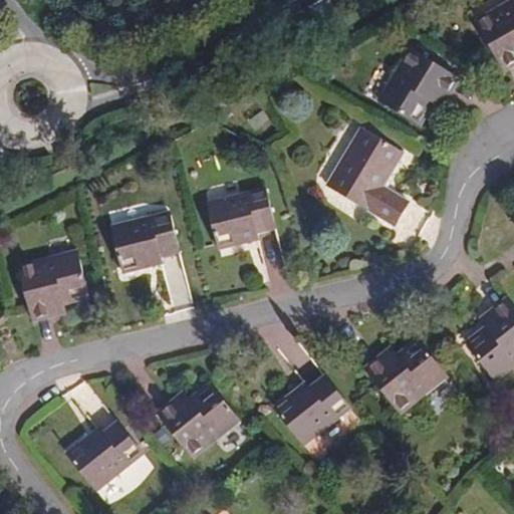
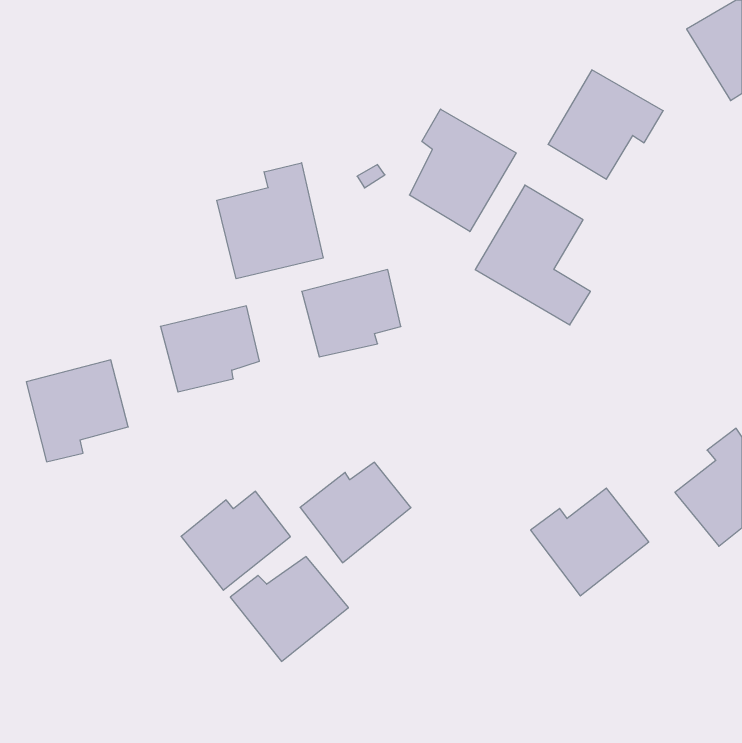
building: none -> [409,109,516,232]
building: none -> [217,163,323,279]
building: [273,373,349,443] -> [300,462,411,563]
building: [68,423,144,491] -> [181,491,290,590]

